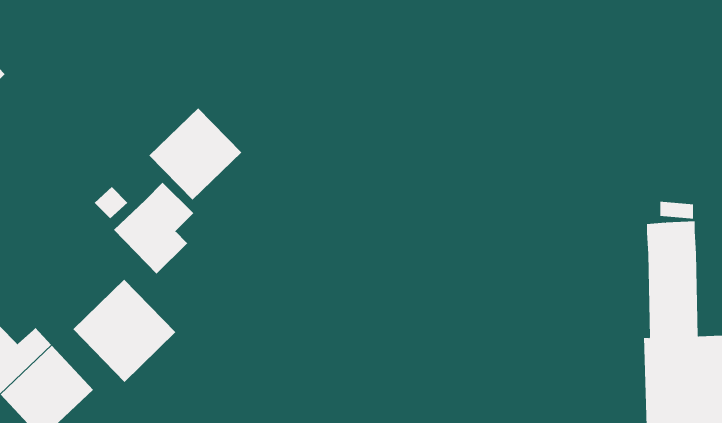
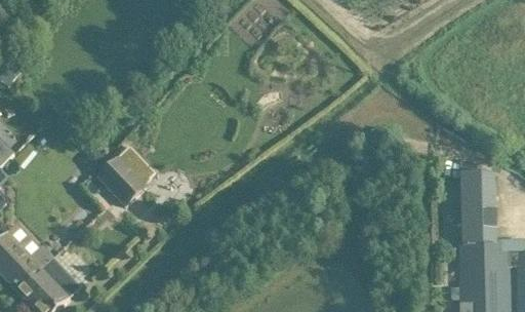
building: [149,108,242,200] -> none
building: [73,279,176,383] -> none

